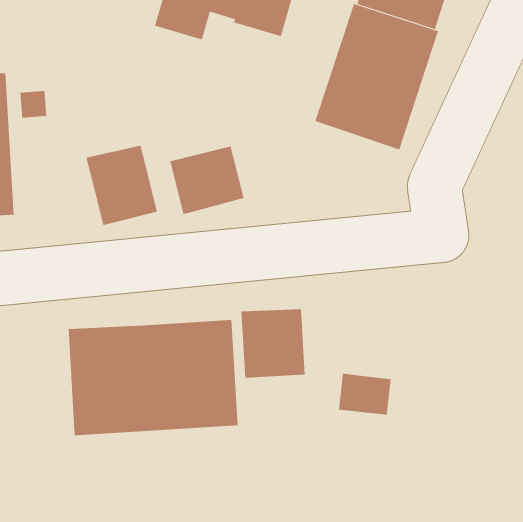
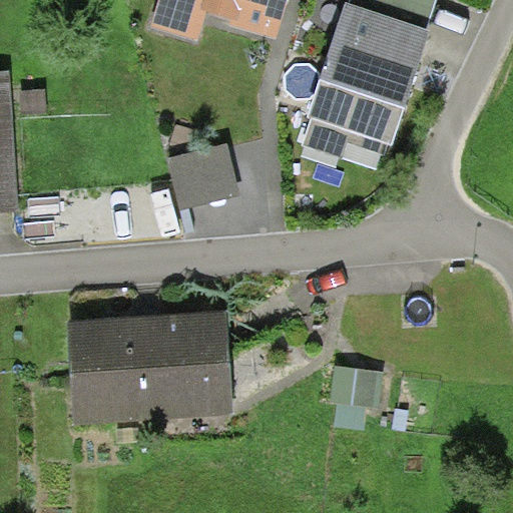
building: [86,145,158,226] -> none
building: [241,308,305,379] -> none

